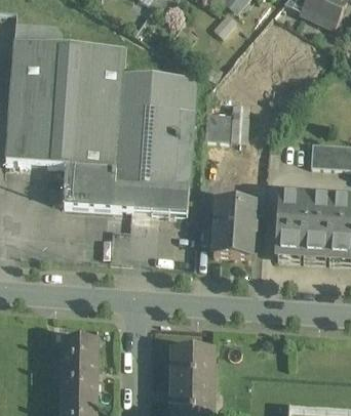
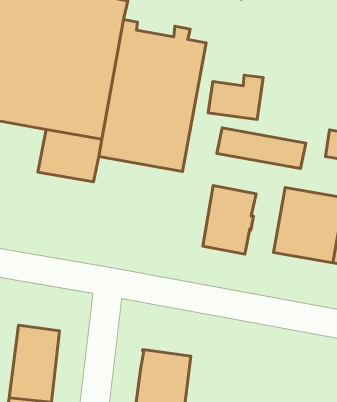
building: [113,185,189,213] -> [217,128,306,169]

